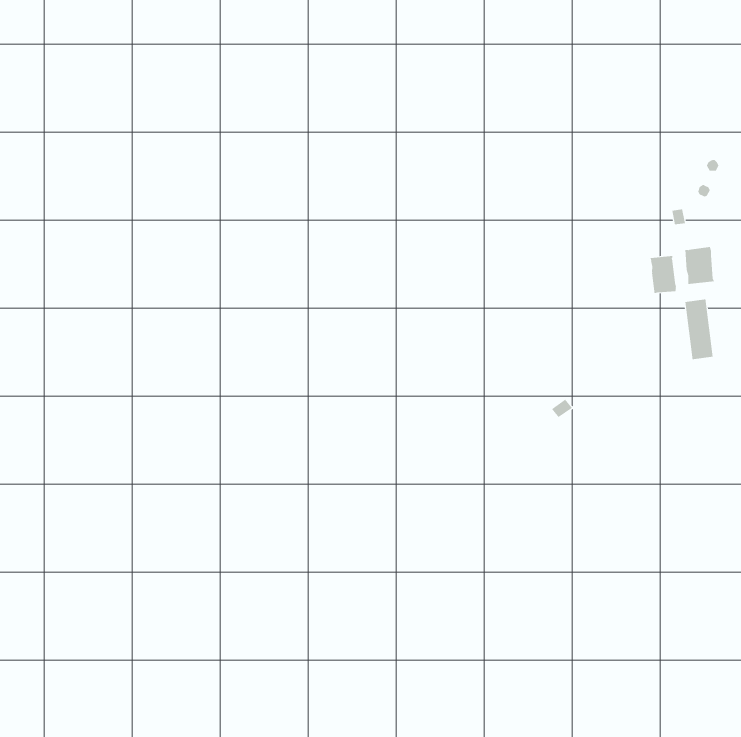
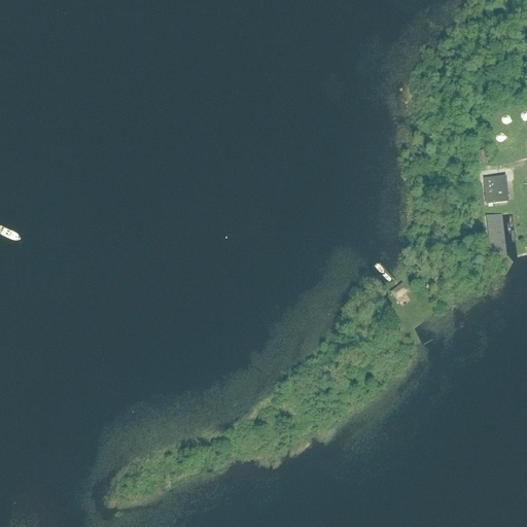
building: [650,255,676,294] -> none

